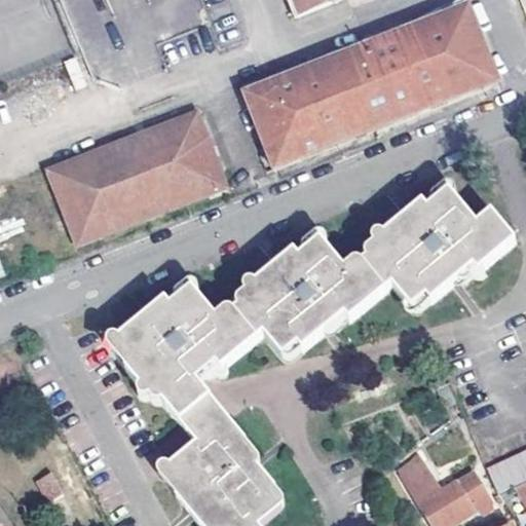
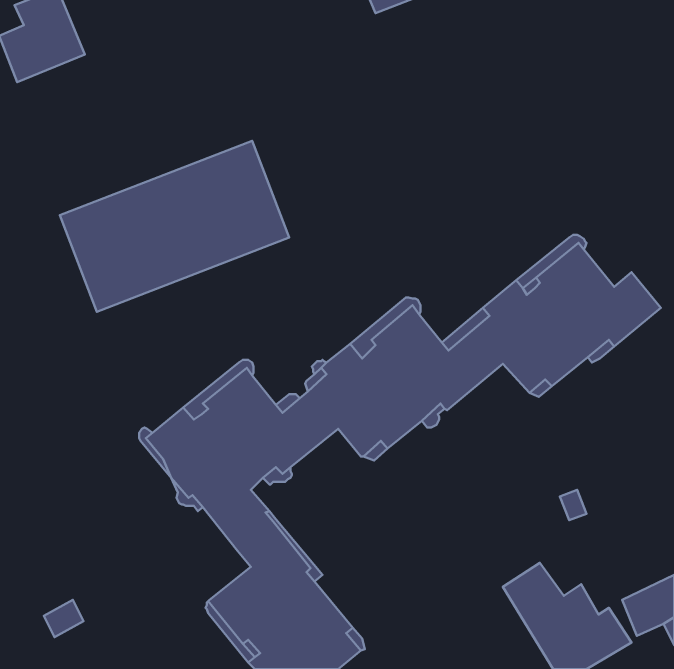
building: [242,4,495,165] -> none

